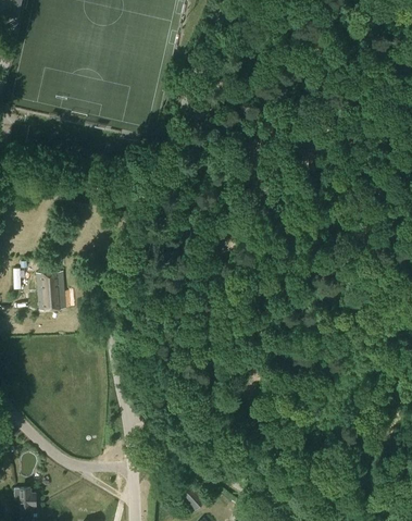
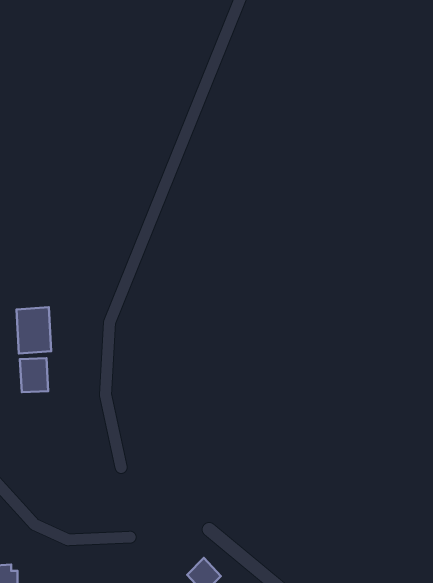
building: none -> [20,358,48,392]

